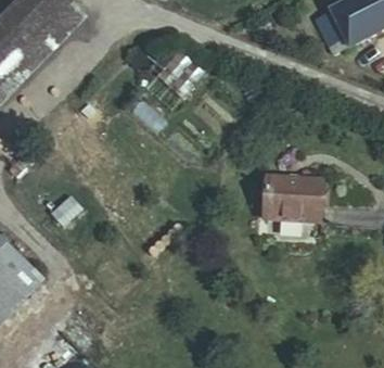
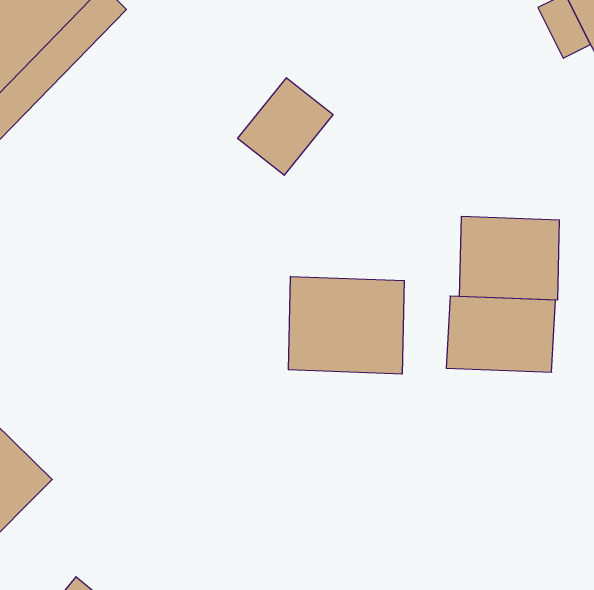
building: none -> [460,216,559,300]
building: none -> [288,276,404,374]

